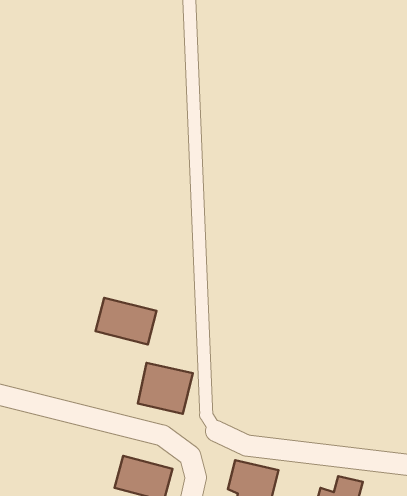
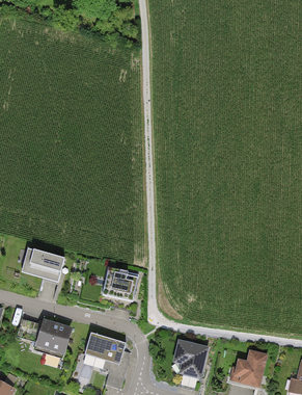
building: [96,298,156,344] -> [23,251,66,284]
building: none -> [37,321,74,357]

